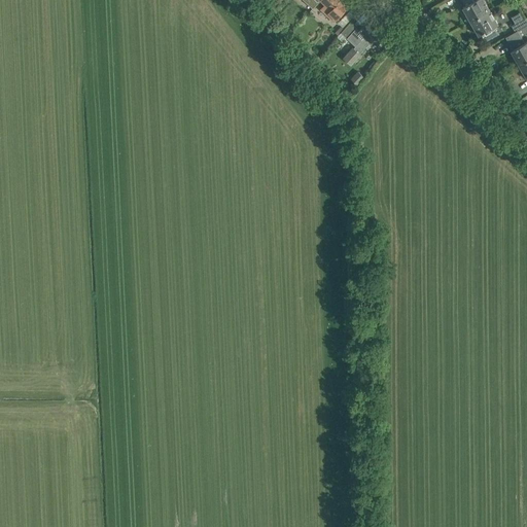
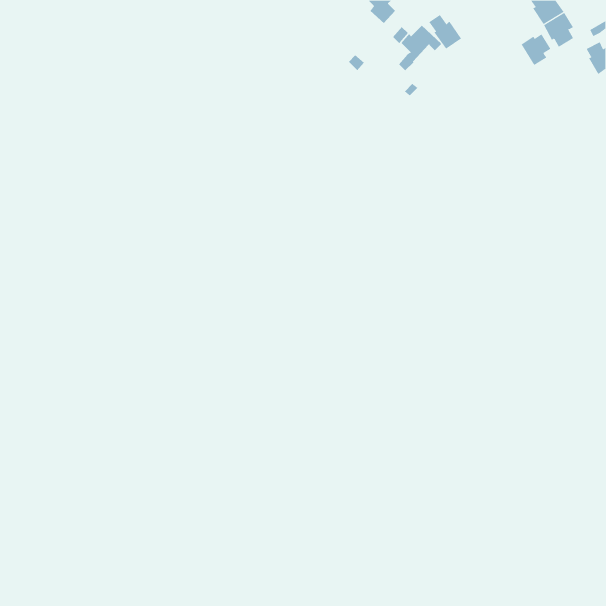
building: none -> [429,14,462,50]
building: none -> [521,33,551,66]

